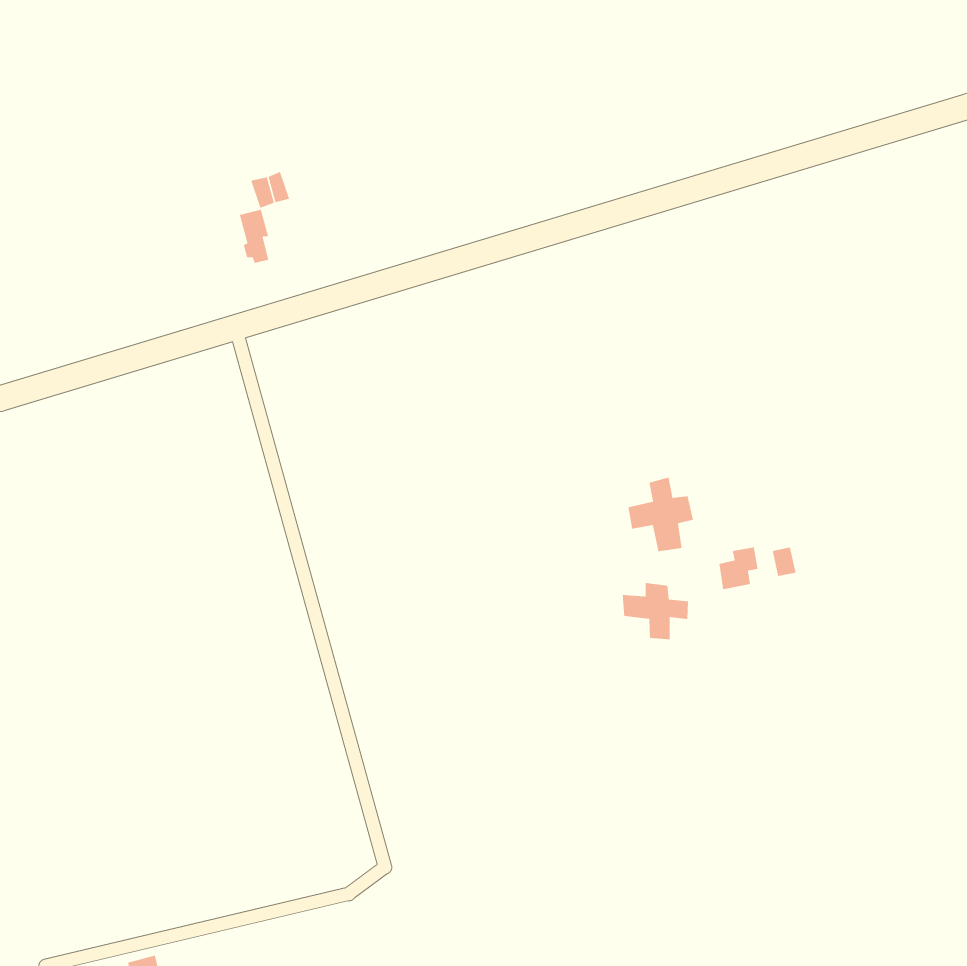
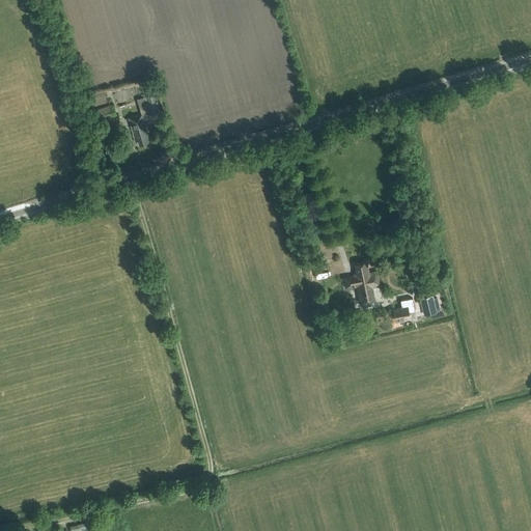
building: [622,582,689,640] -> none

